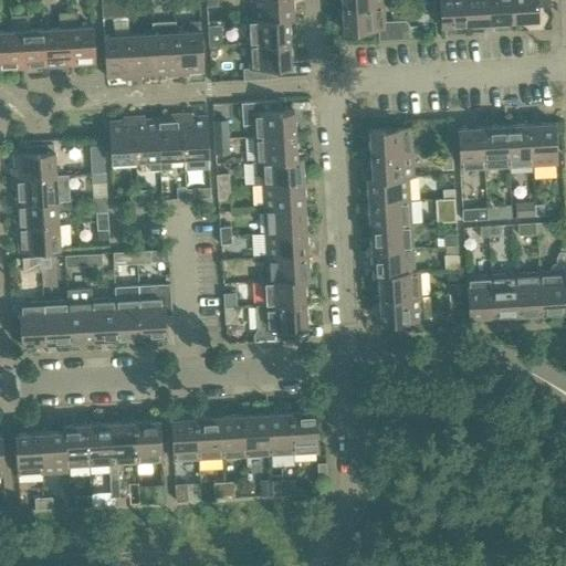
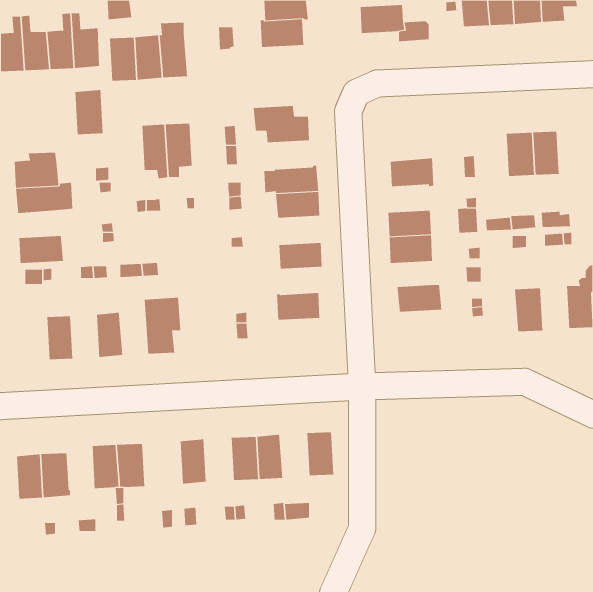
building: [176,22,203,74] -> none
building: [243,44,291,82] -> none
building: [181,117,210,170] -> none
building: [109,120,137,164] -> [75,89,104,135]
building: [531,124,557,167] -> none
building: [369,128,412,155] -> none
building: [458,128,484,171] -> none
building: [254,135,297,164] -> none
building: [367,177,410,203] -> none
building: [17,201,59,228] -> none
building: [264,207,306,234] -> none
building: [371,250,415,276] -> none
building: [266,255,310,282] -> none
building: [515,273,542,316] -> none
building: [467,276,493,318] -> none
building: [114,286,140,339] -> none
building: [67,289,94,343] -> none
building: [380,296,432,333] -> none
building: [19,303,46,346] -> none
building: [255,304,307,343] -> none
building: [266,413,294,457] -> none
building: [195,418,222,460] -> none
building: [136,421,163,464] -> none
building: [63,426,90,468] -> none

